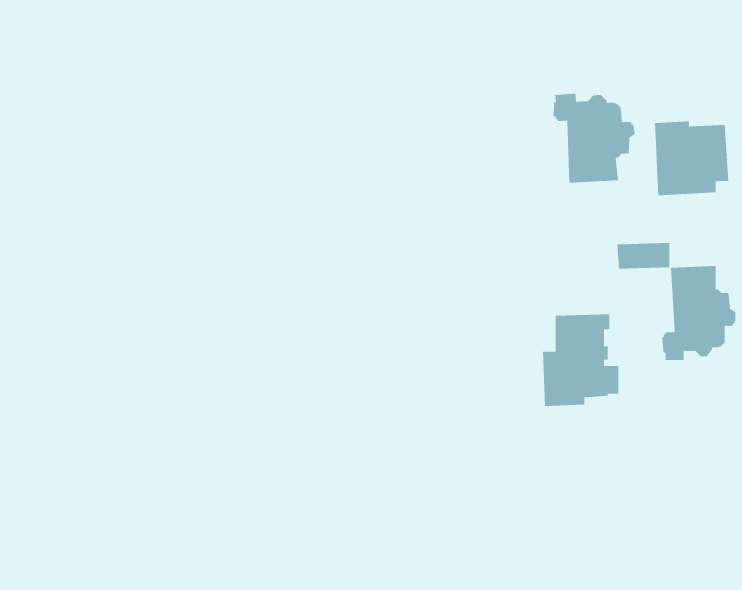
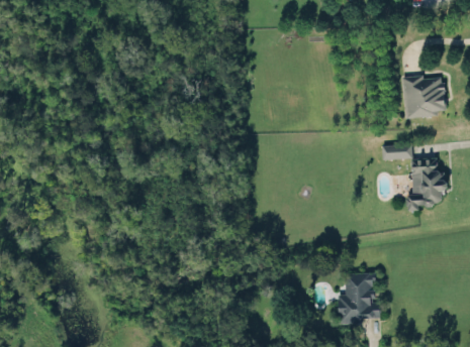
building: [553,93,635,183] -> none
building: [542,314,619,407] -> [338,272,381,325]

